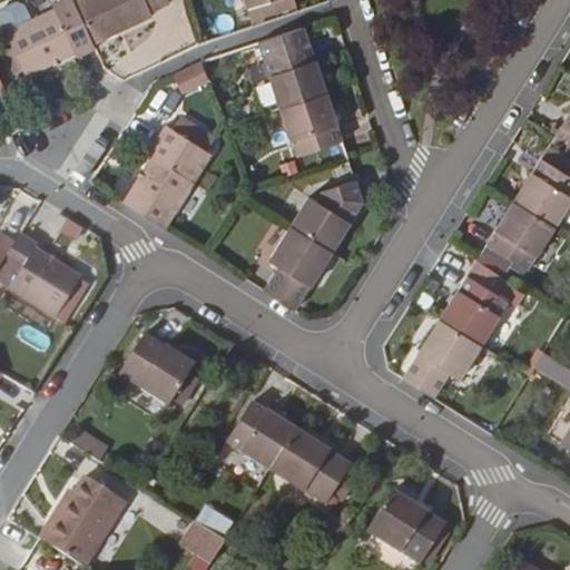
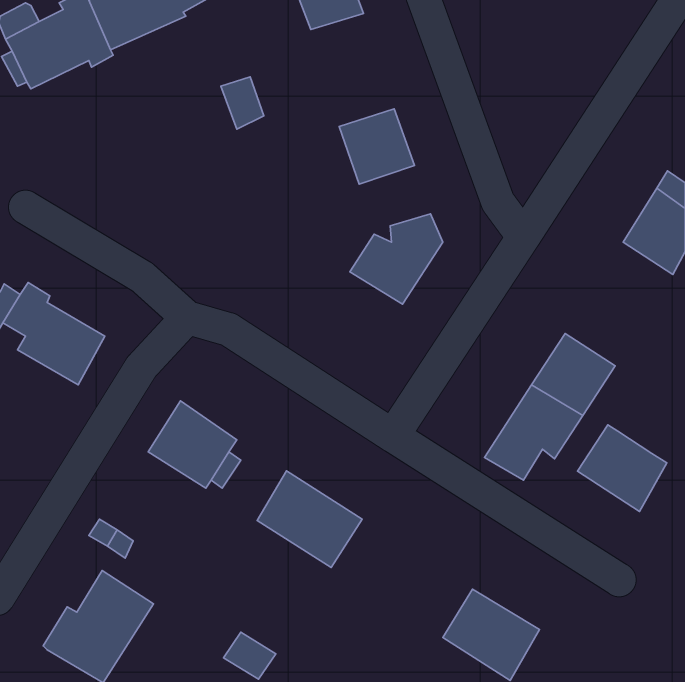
building: [259,28,326,105] -> none
building: [125,122,213,227] -> none
building: [479,200,557,279] -> none
building: [264,225,333,311] -> none
building: none -> [577,425,667,511]
building: [274,430,356,505] -> none

